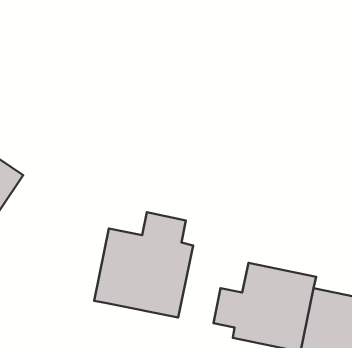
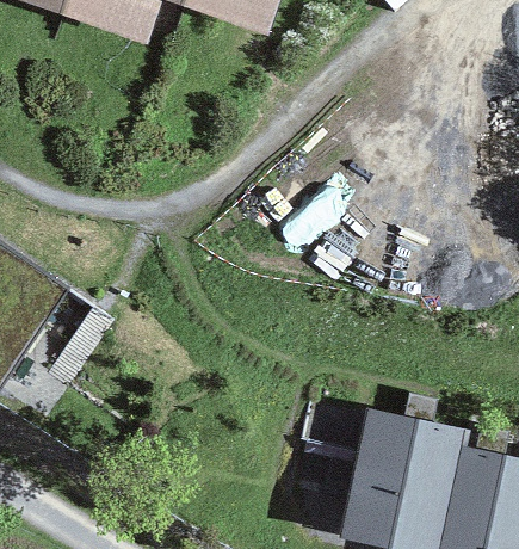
building: [94,212,193,318] -> none

